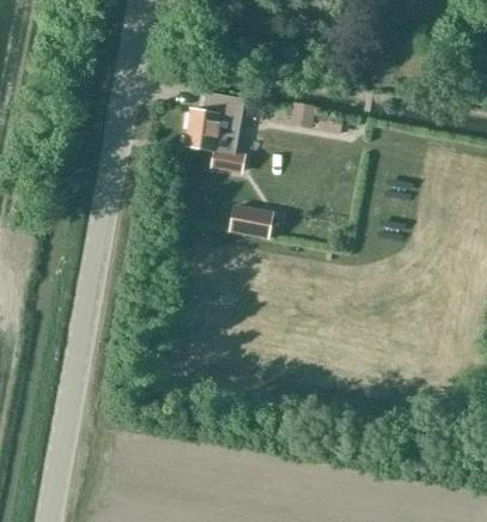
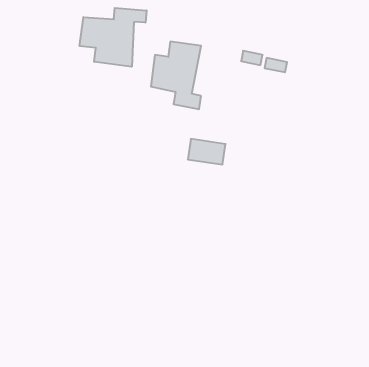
building: none -> [80,8,147,67]

